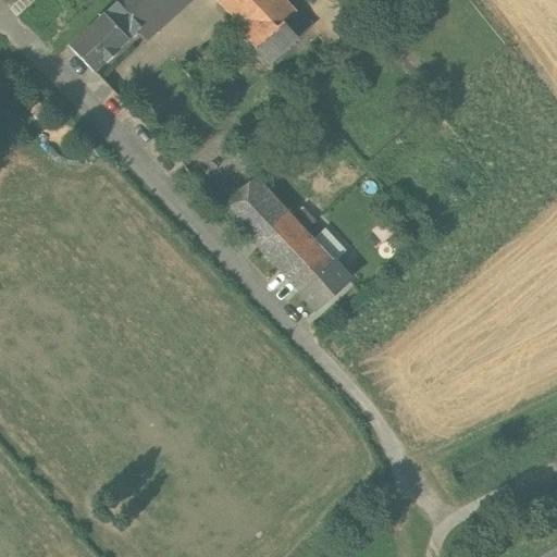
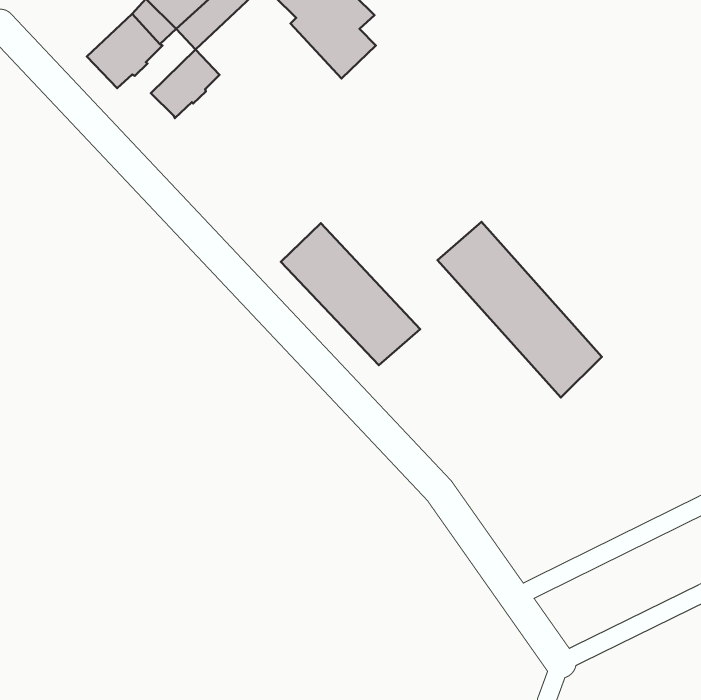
building: none -> [151,50,220,118]
building: none -> [437,222,602,397]
building: [301,260,350,307] -> none

